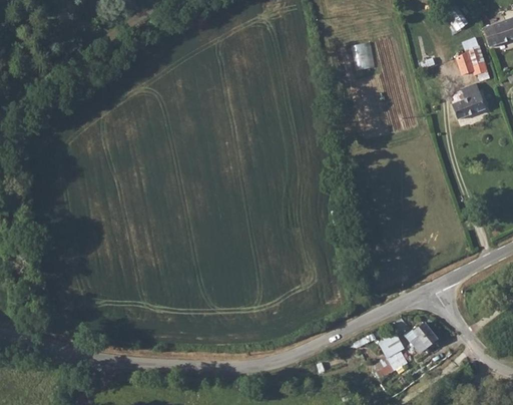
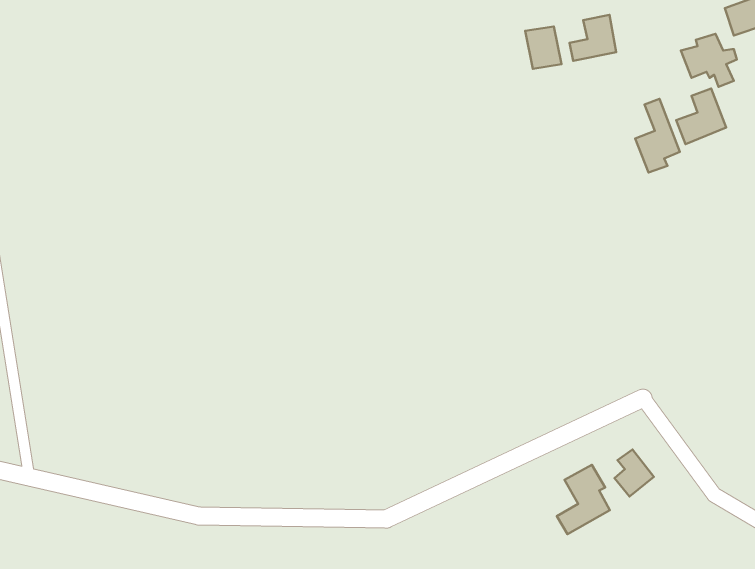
building: none -> [570,15,616,61]
building: none -> [635,99,680,172]

